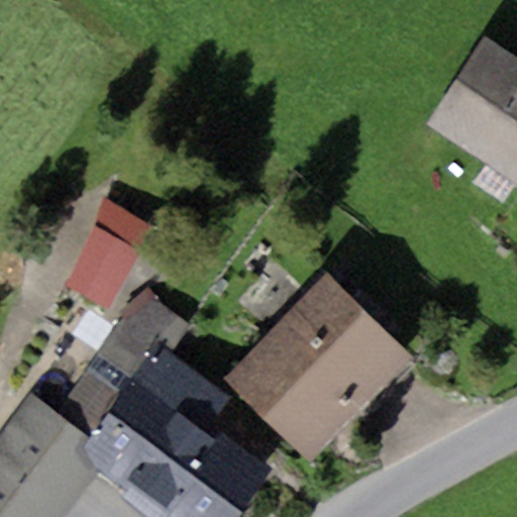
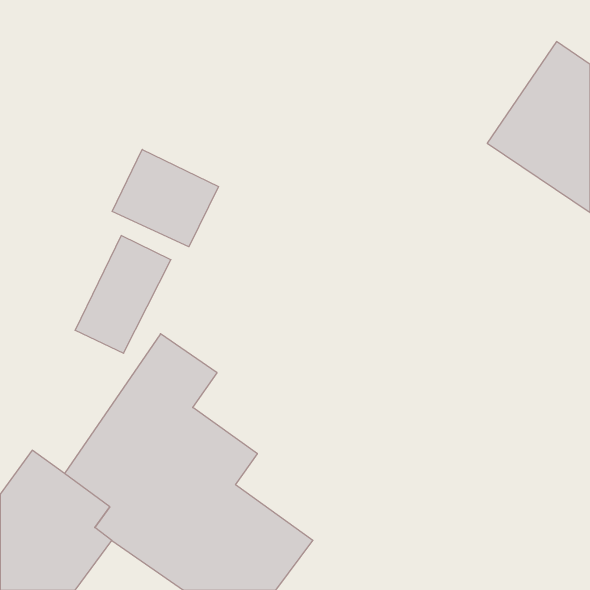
building: none -> [112,149,219,247]
building: [227,277,413,461] -> none

